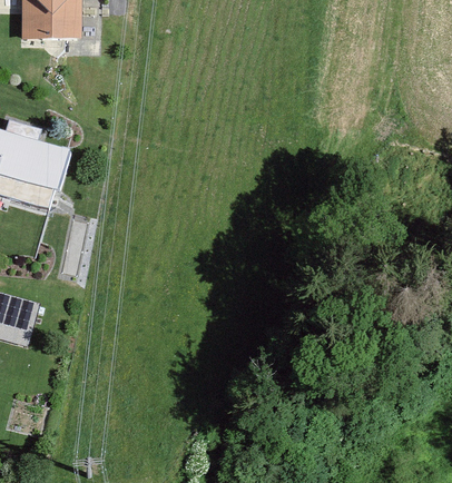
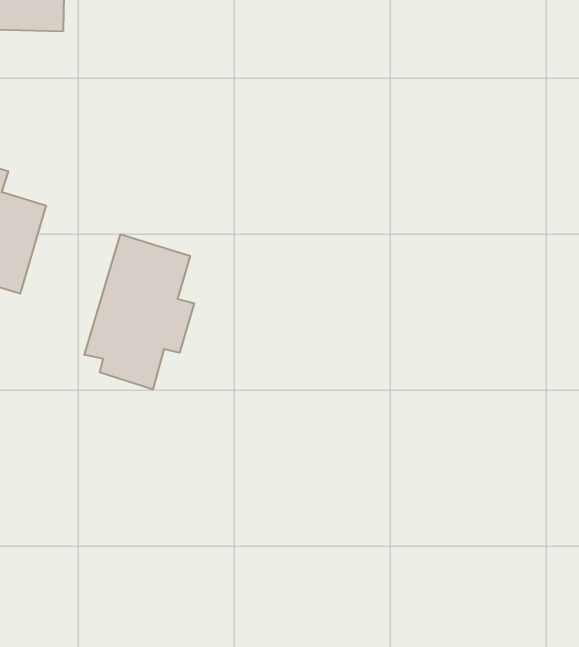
building: none -> [84,234,194,389]

